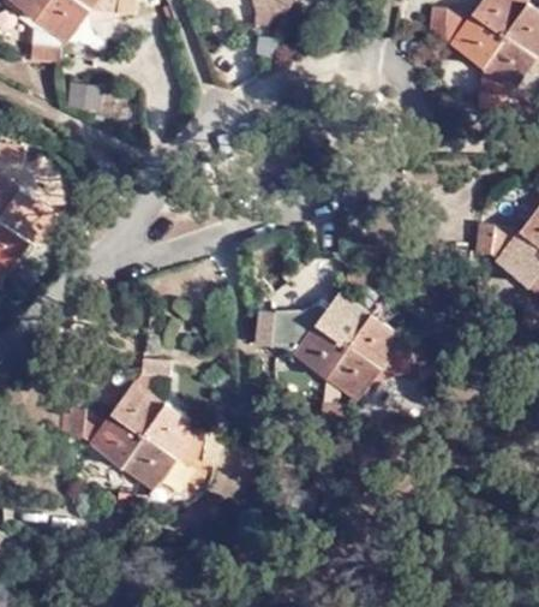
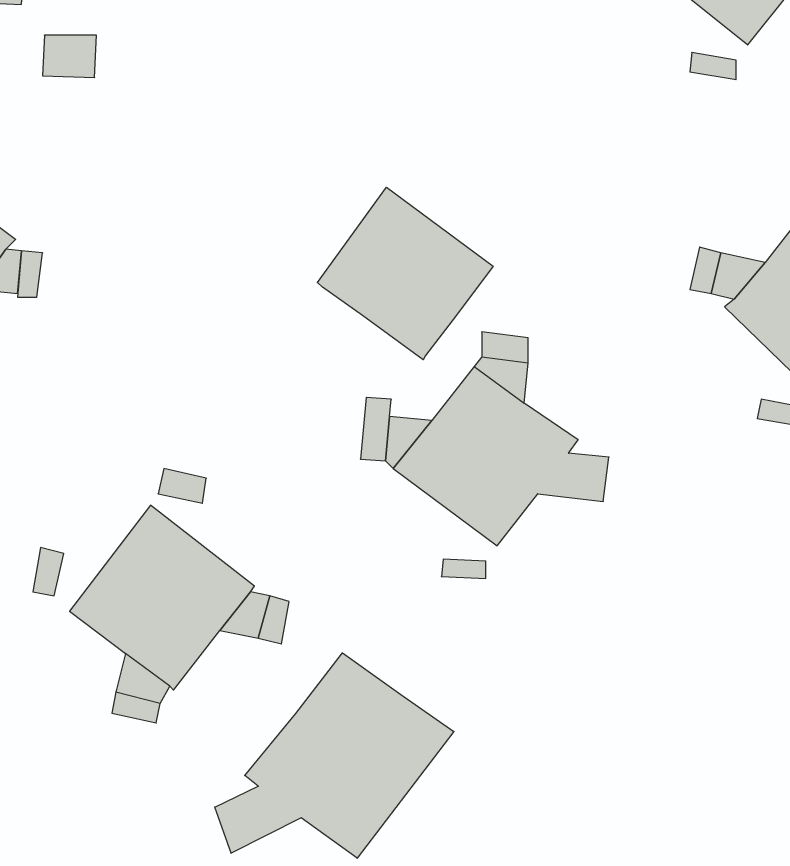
building: none -> [317,187,493,360]
building: none -> [215,653,454,858]

